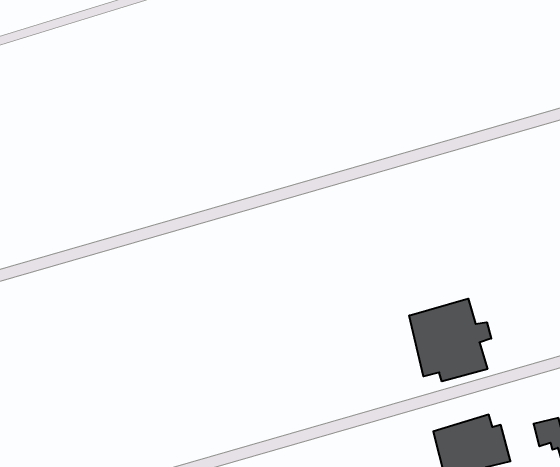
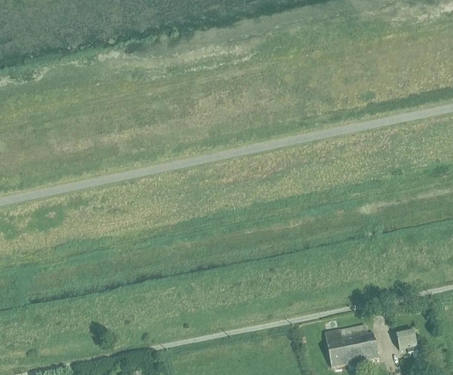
building: [409,299,491,381] -> none

